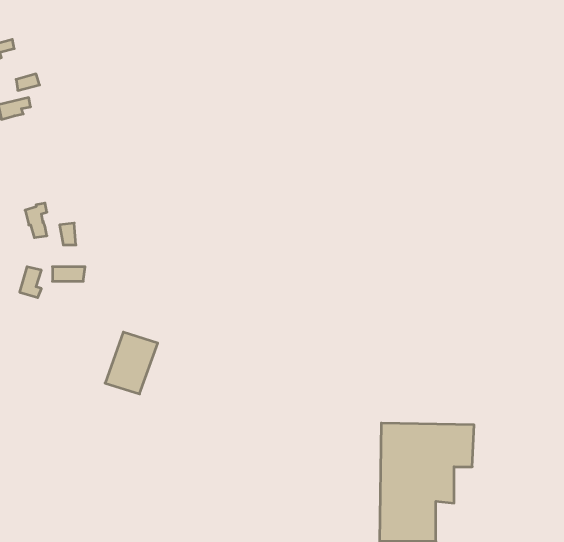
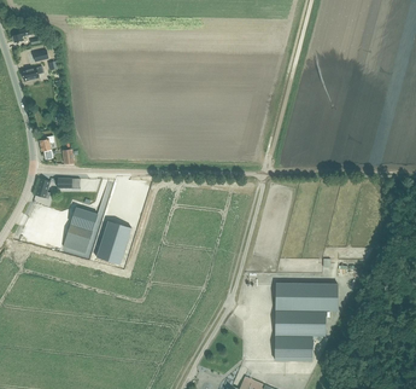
building: none -> [64,207,98,252]

